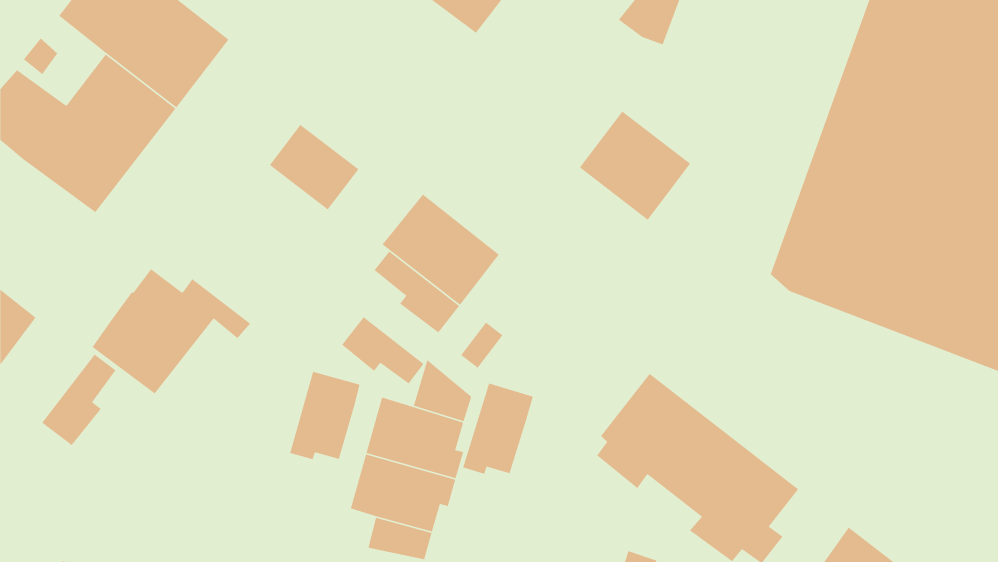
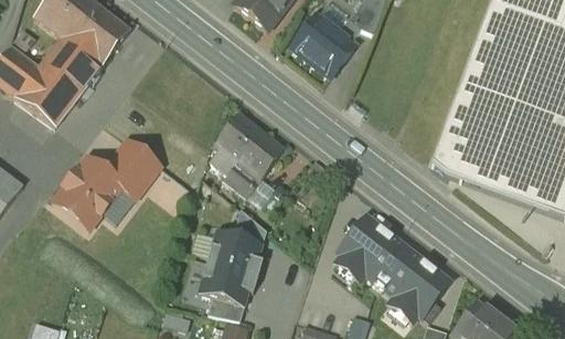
building: [579,110,691,221] -> [292,14,355,76]
building: [269,124,359,210] -> [110,139,161,188]
building: [341,316,425,385] -> none
building: [41,354,117,446] -> none
building: [289,371,361,460] -> none
building: [462,382,534,475] -> none

